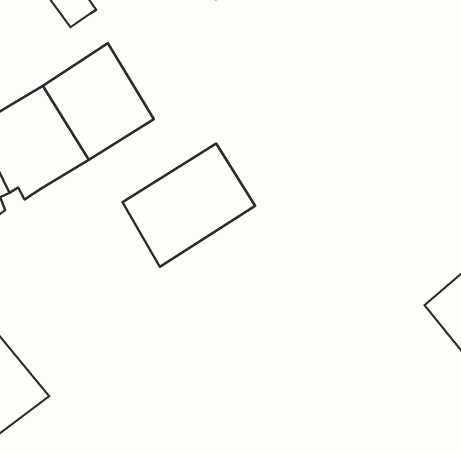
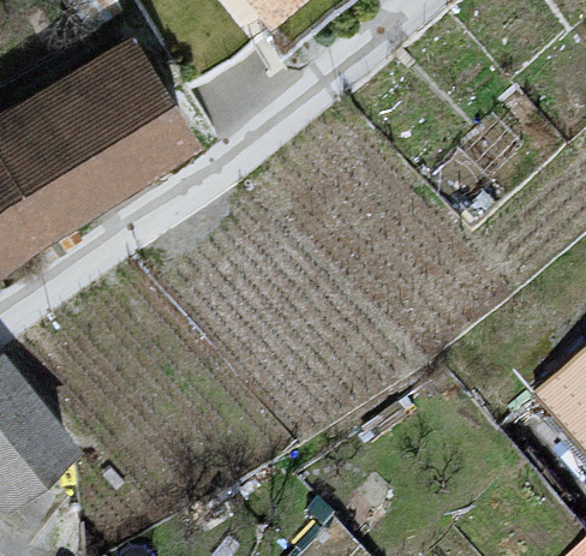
building: [122,144,255,267] -> none

